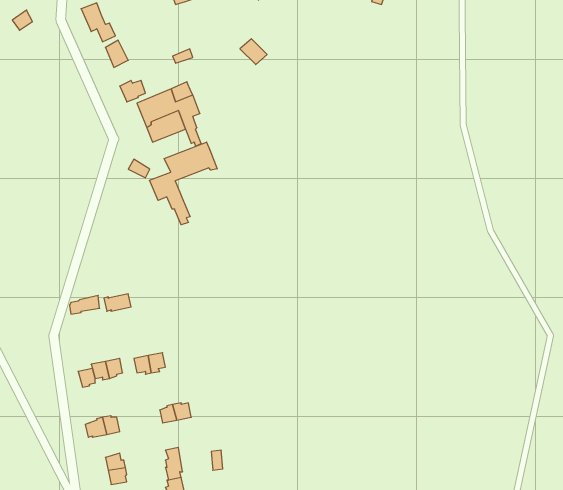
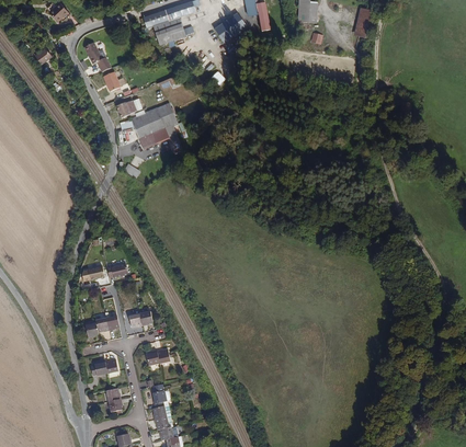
building: [149,142,217,225] -> none

